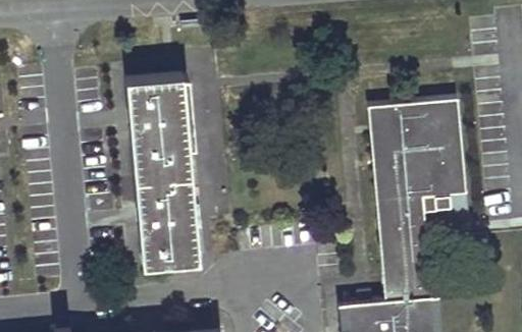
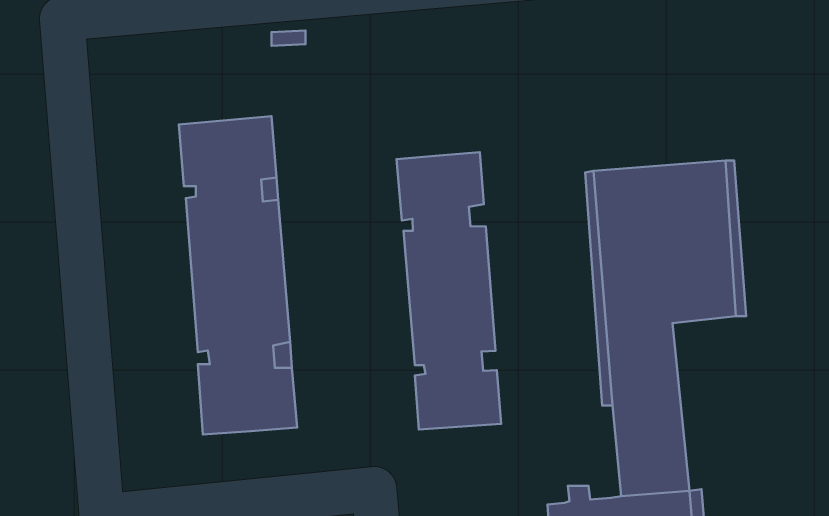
building: none -> [397,152,501,429]

